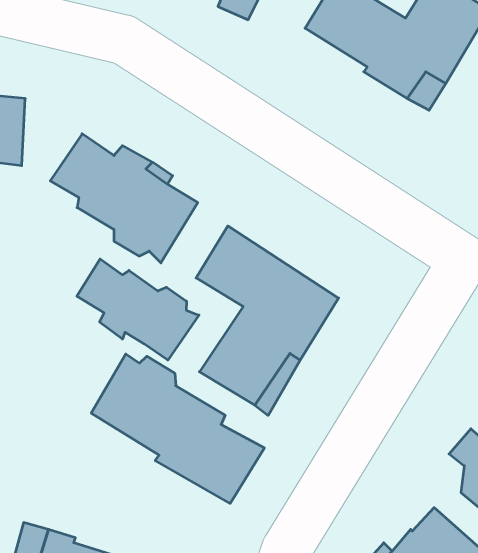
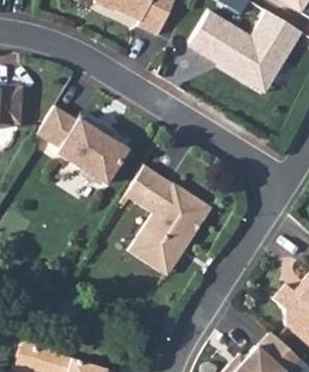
building: [77,259,199,360] -> none
building: [91,354,264,503] -> none

